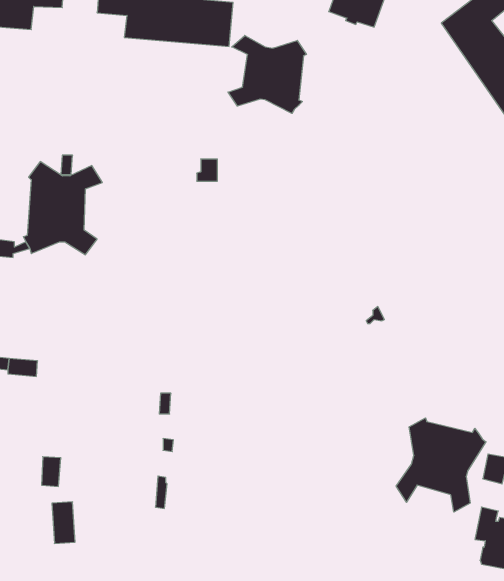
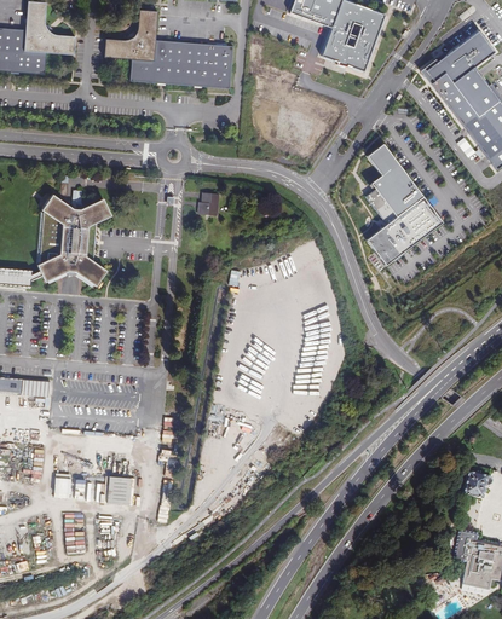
building: [228,35,306,113] -> none
building: none -> [365,140,442,265]
building: [396,418,486,512] -> none
building: none -> [104,478,131,507]

